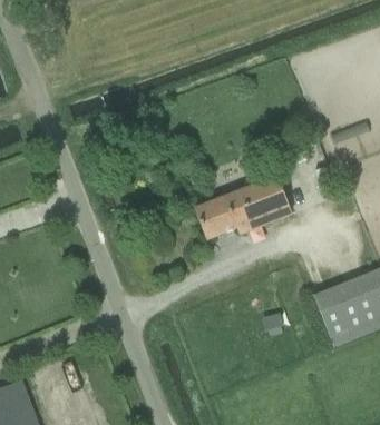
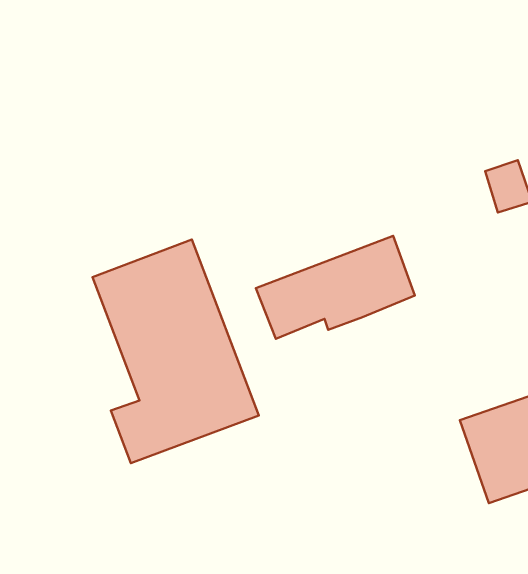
building: none -> [92,239,259,463]

